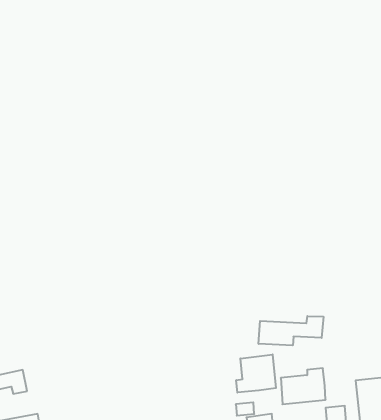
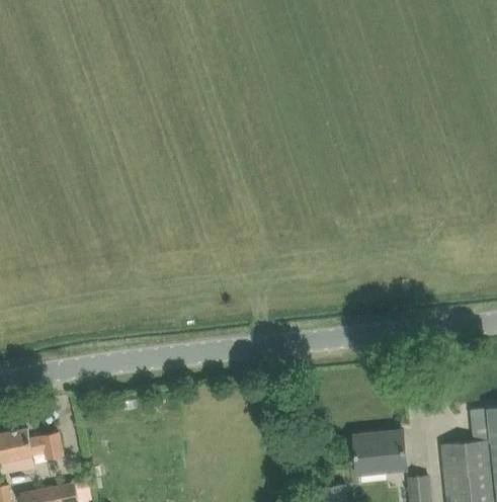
building: [259,316,323,345] -> none
building: [236,354,276,393] -> none

